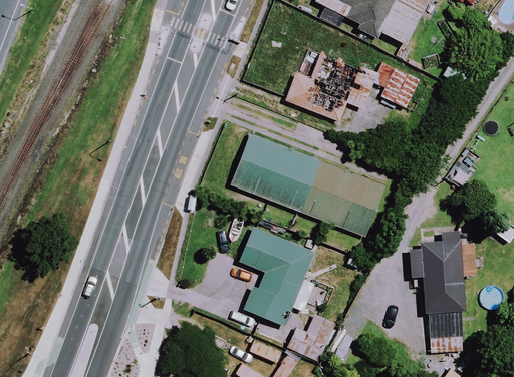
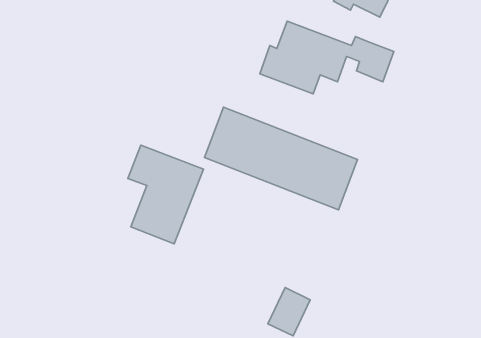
building: [238,228,313,326] -> [128,145,203,244]
building: [409,232,474,337] -> none

